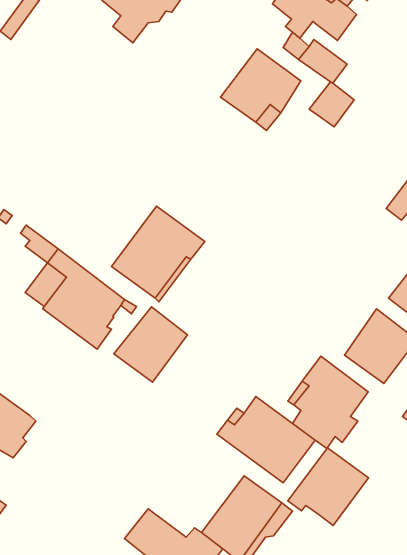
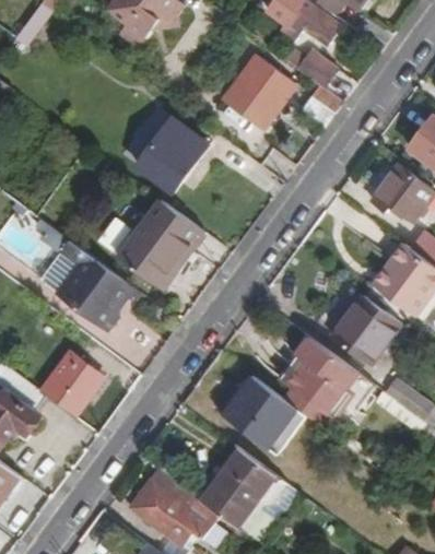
building: none -> [137,117,208,190]
building: [114,307,188,382] -> none
building: none -> [42,354,97,414]
building: [288,448,369,526] -> none

